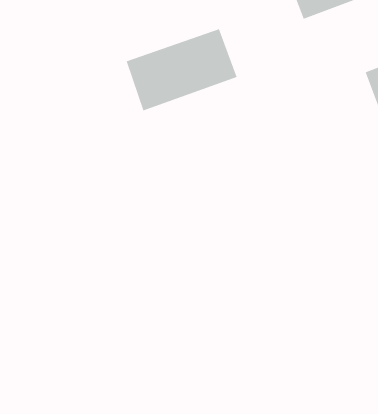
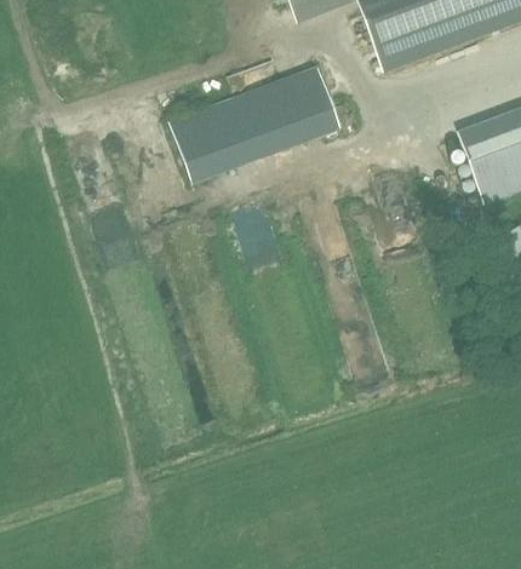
building: none -> [284,68,340,140]

